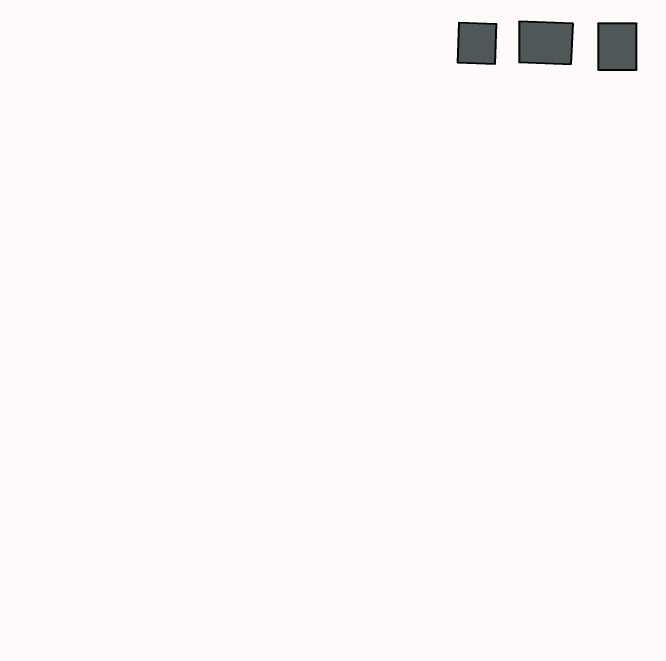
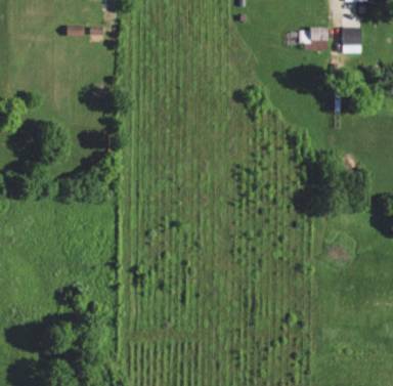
building: [458,23,496,64] -> none

